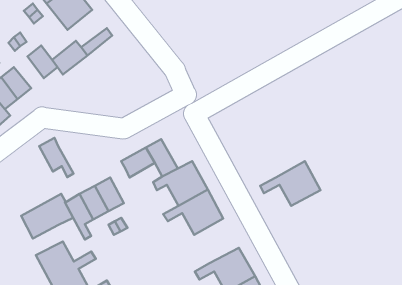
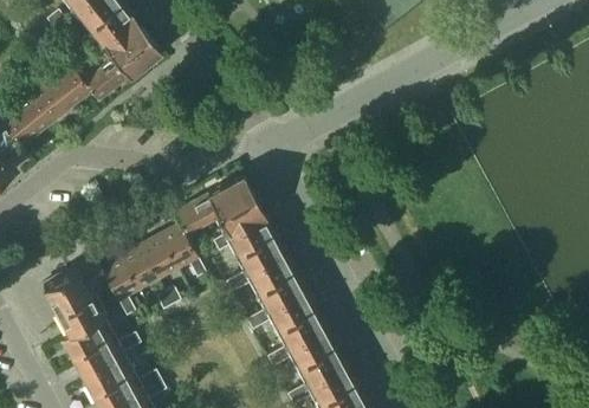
building: none -> [102,19,153,67]
building: none -> [32,79,71,121]
building: none -> [224,176,264,225]
building: [39,138,74,177] -> [157,226,202,277]
building: [260,161,320,206] -> [246,290,324,348]
building: none -> [57,298,101,337]

